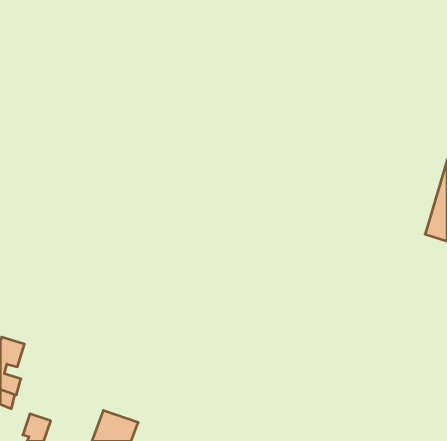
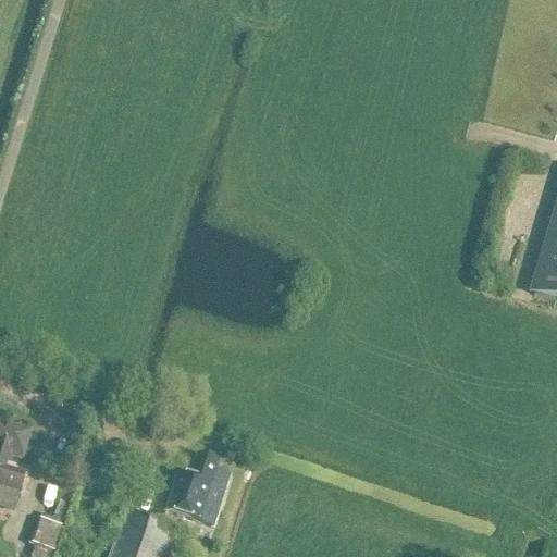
building: none -> [165,456,231,527]

